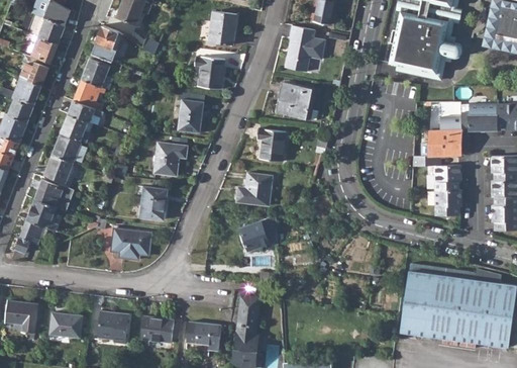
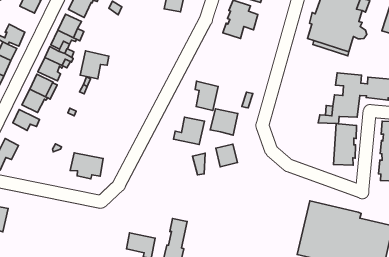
building: [194,57,224,89] -> none
building: [20,63,47,86] -> none
building: [278,82,314,119] -> none
building: [178,101,203,133] -> none
building: [153,144,187,177] -> [80,51,109,79]
building: none -> [210,109,238,135]
building: [140,187,168,220] -> none
building: [27,199,59,232] -> none
building: [240,221,269,251] -> [216,144,238,167]
building: [98,312,129,345] -> none
building: [50,313,83,342] -> none
building: [141,317,176,347] -> none

